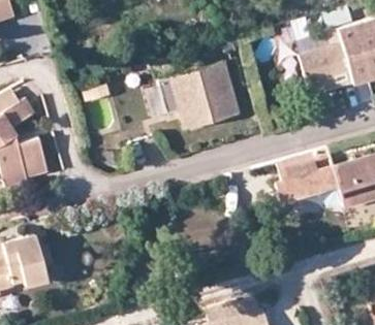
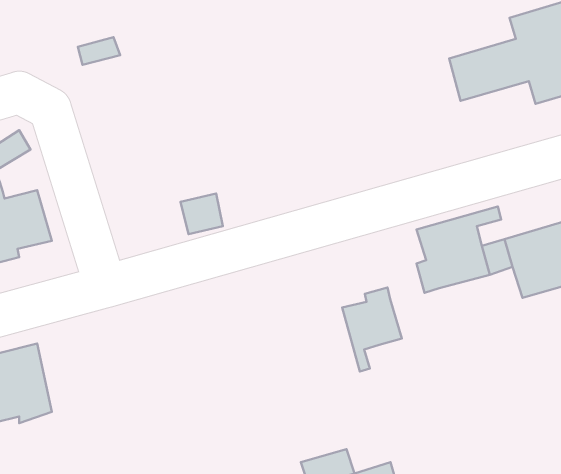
building: [160,60,239,127] -> none
building: none -> [342,287,402,371]

